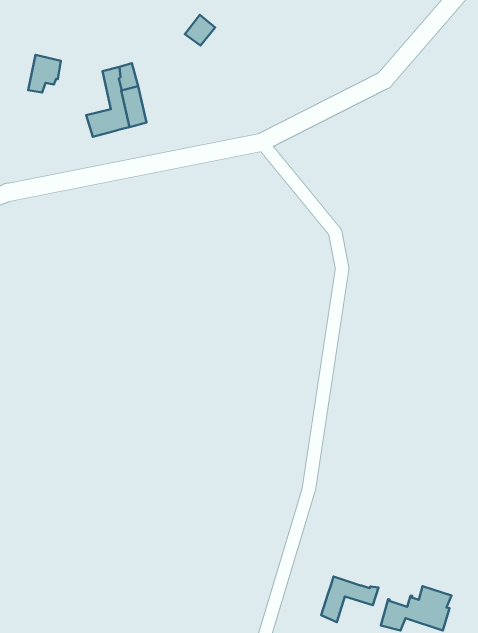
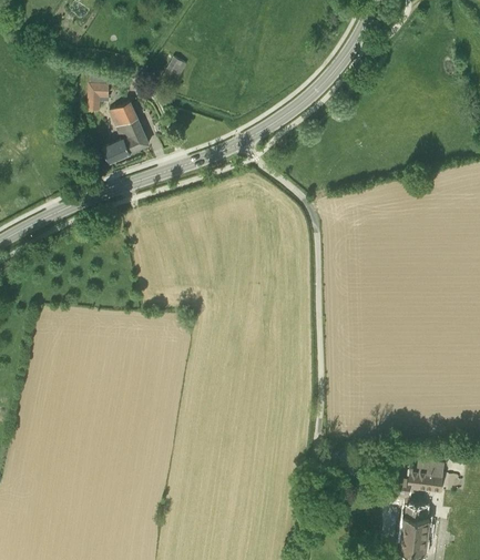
building: [28,55,61,93] -> [88,82,109,110]
building: [321,577,378,622] -> none

